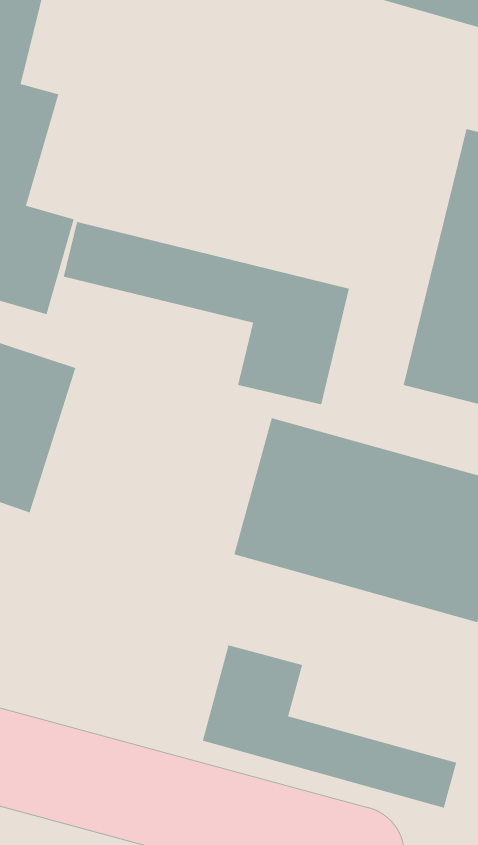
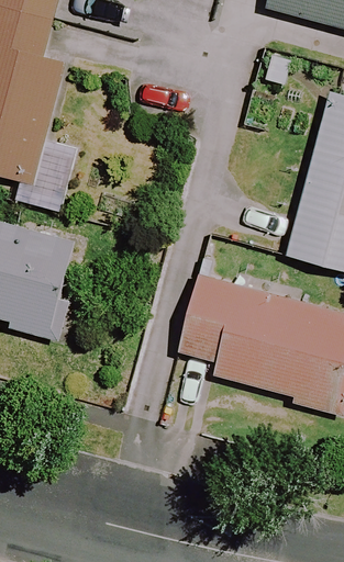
building: [63,221,349,405] -> none
building: [202,645,457,809] -> none

